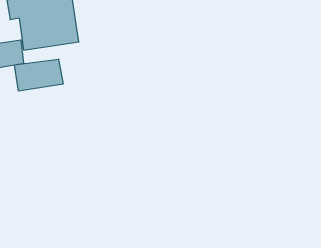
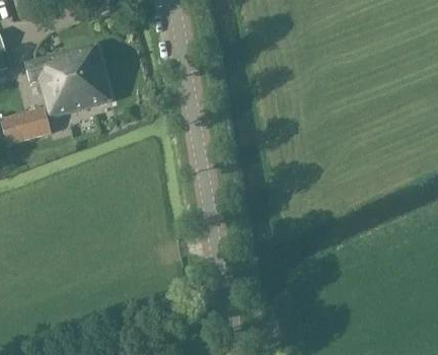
building: [14,59,63,91] -> none

